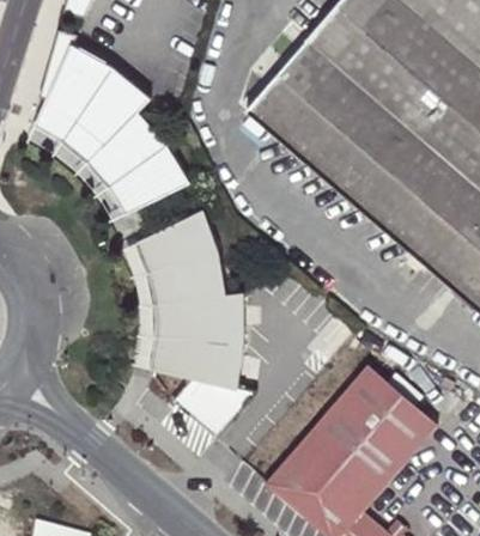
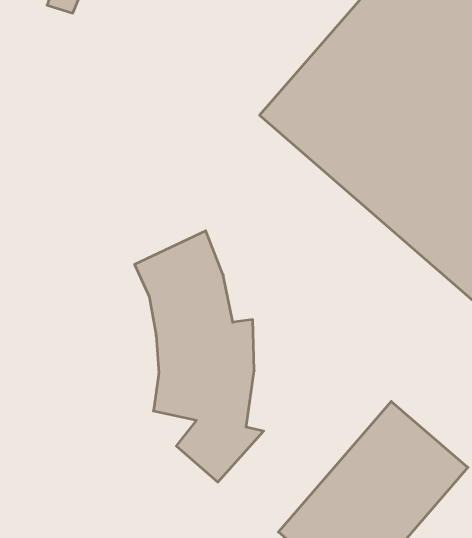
building: [34,30,192,214] -> none

